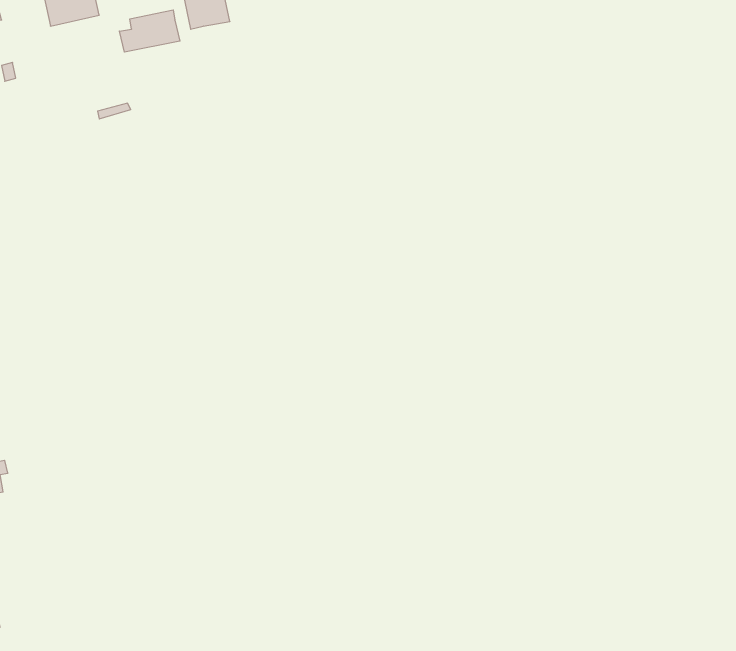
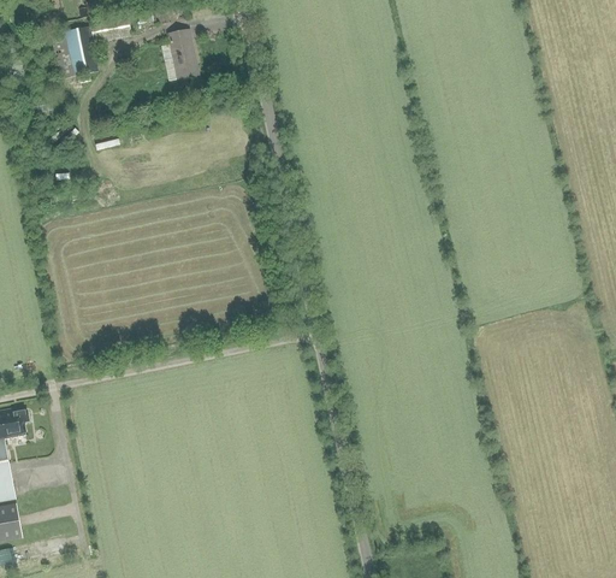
building: [119,10,180,52] -> none

